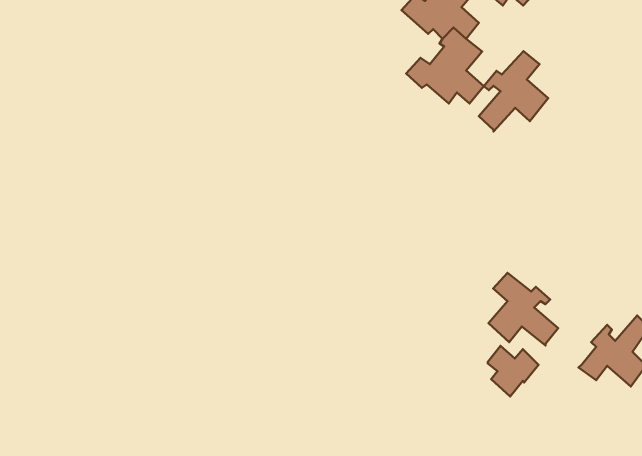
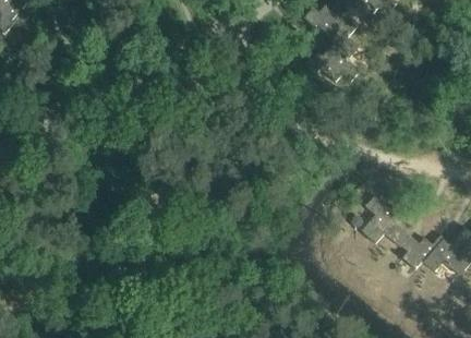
building: [479,51,548,131] -> none
building: [488,346,539,397] -> [400,236,435,270]

